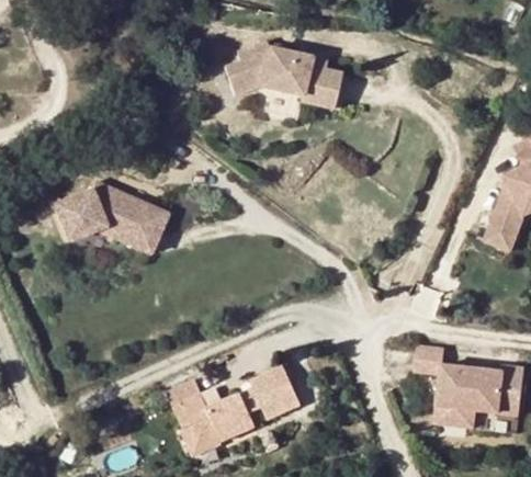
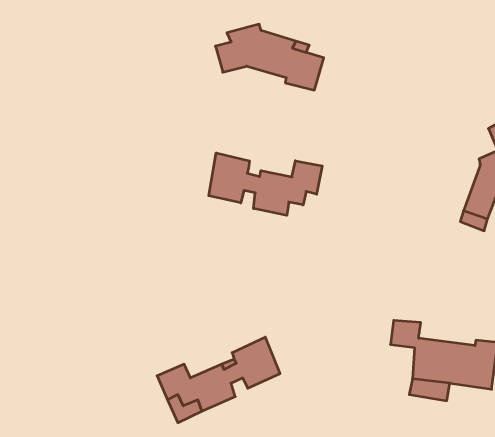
building: none -> [209,153,322,215]
building: [53,181,167,253] -> none

